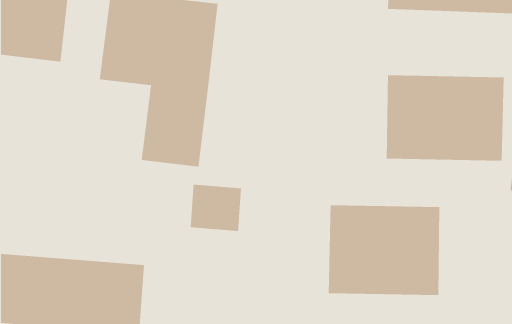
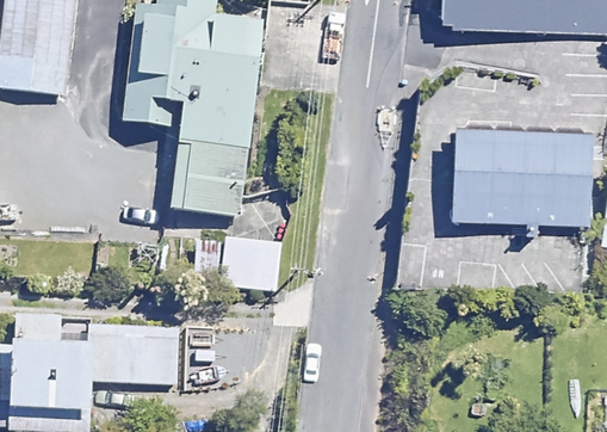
building: [328,205,440,296] -> none

